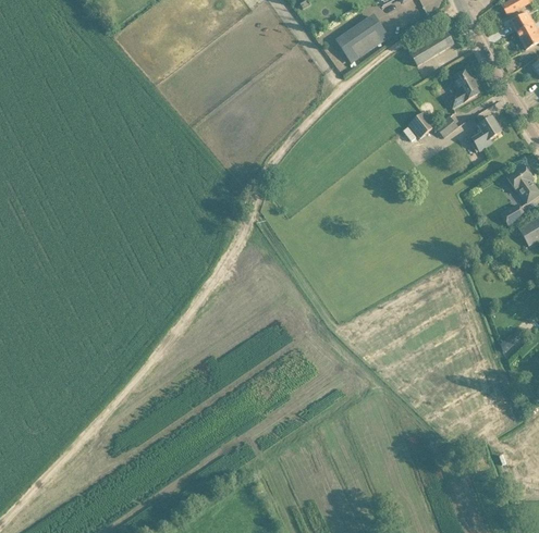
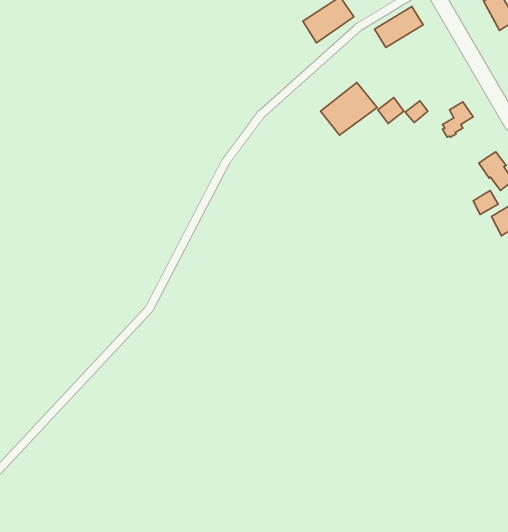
building: [448,70,482,108] -> none
building: none -> [321,83,377,135]

